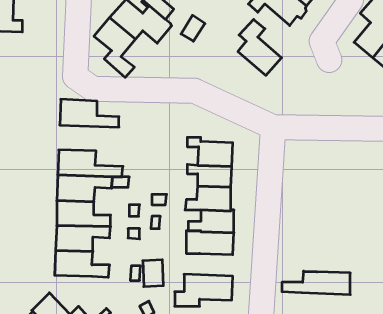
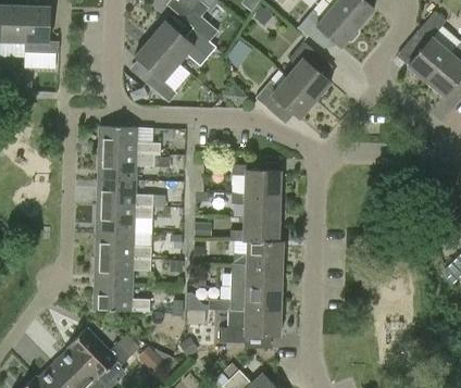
building: none -> [254,75,315,118]
building: none -> [98,152,171,179]
building: [282,271,350,295] -> [209,286,281,311]

